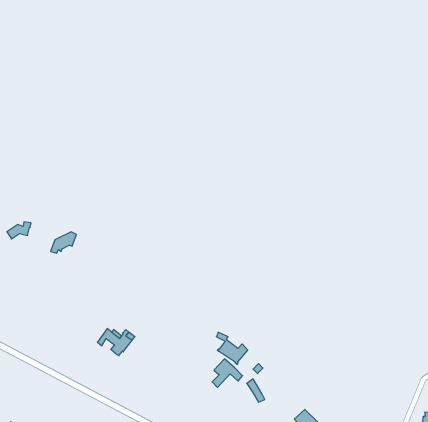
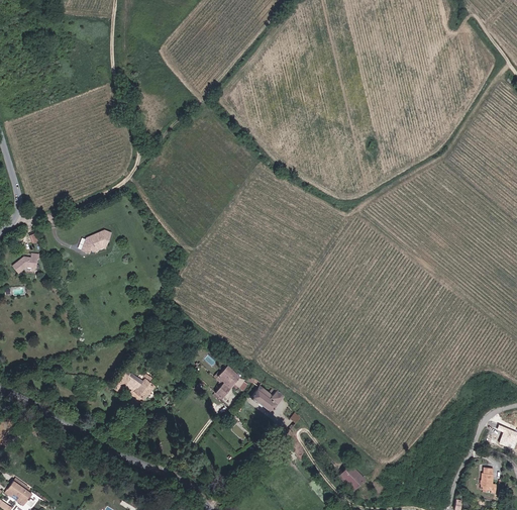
building: [51,232,76,253] -> [81,230,110,254]
building: [212,359,243,387] -> [214,366,248,398]

